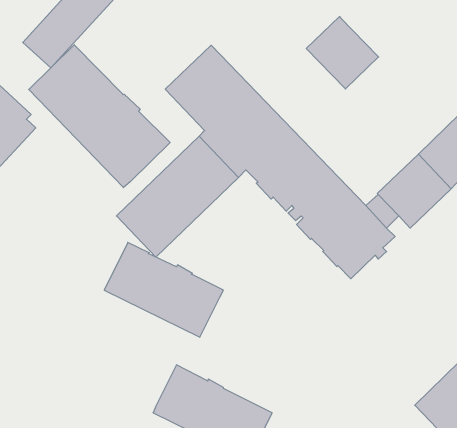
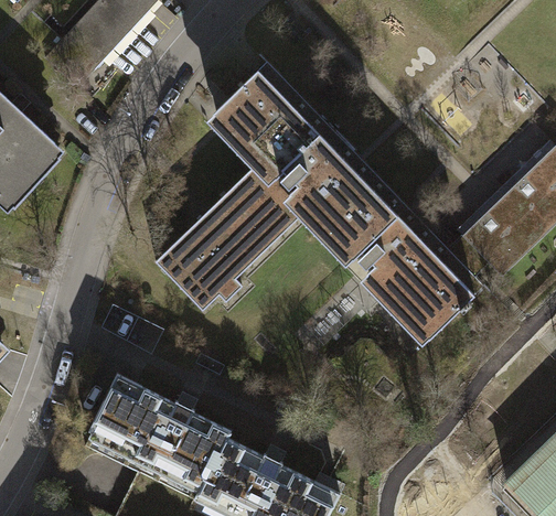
building: [306,17,379,89] -> none
building: [29,45,170,188] -> none
building: [104,242,223,337] -> [87,377,227,488]

